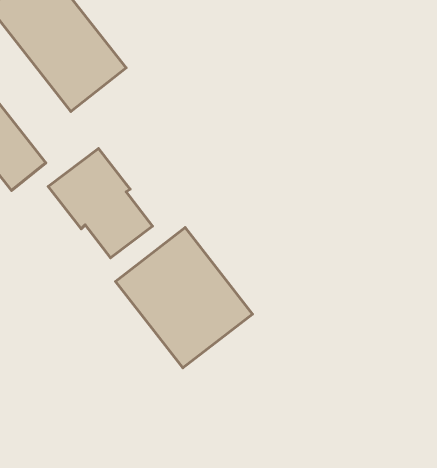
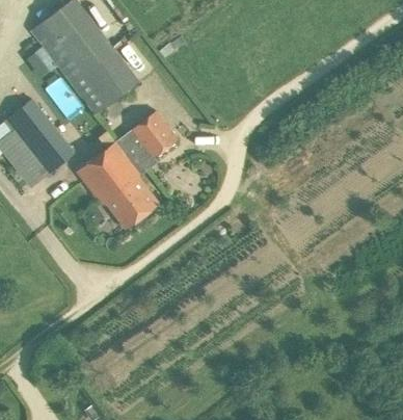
building: none -> [115,110,178,170]
building: [116,228,252,368] -> none

